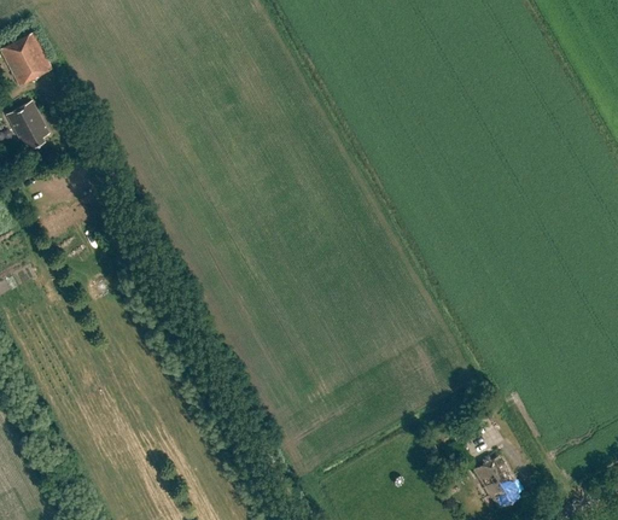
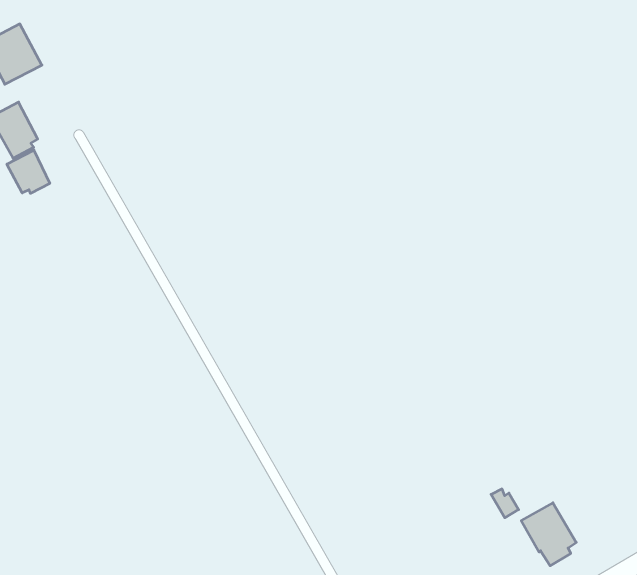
building: none -> [7,150,50,193]

